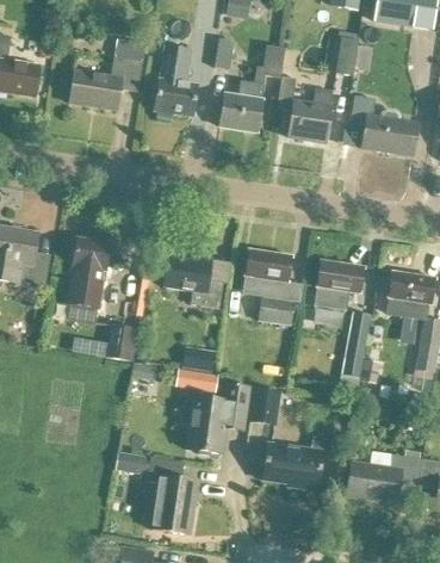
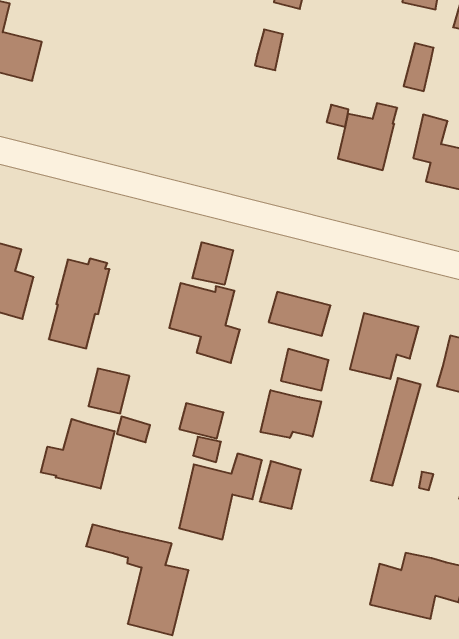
building: [70,38,145,110] -> none
building: [219,45,286,132] -> none
building: [155,47,198,119] -> none
building: none -> [192,242,233,285]
building: none -> [261,390,321,438]
building: none -> [41,419,115,489]
building: [262,433,327,489] -> none

